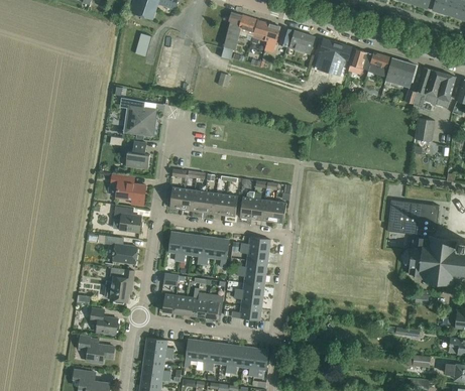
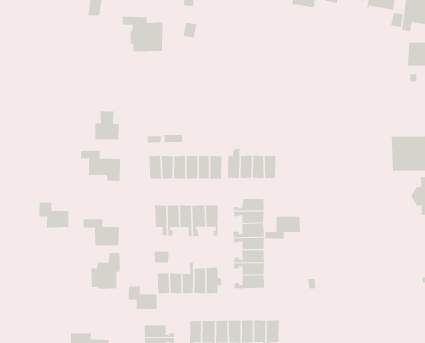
building: [119,99,156,135] -> [122,16,163,52]
building: [113,206,141,232] -> [38,202,69,228]
building: none -> [265,216,300,240]
building: [90,309,117,334] -> [128,286,157,310]

